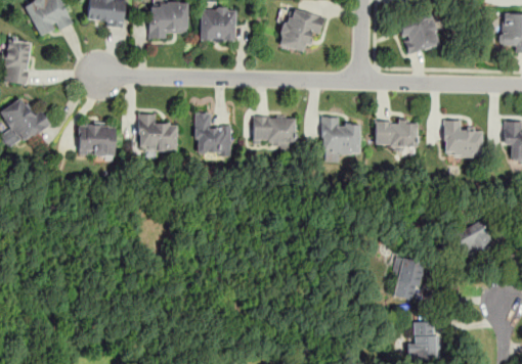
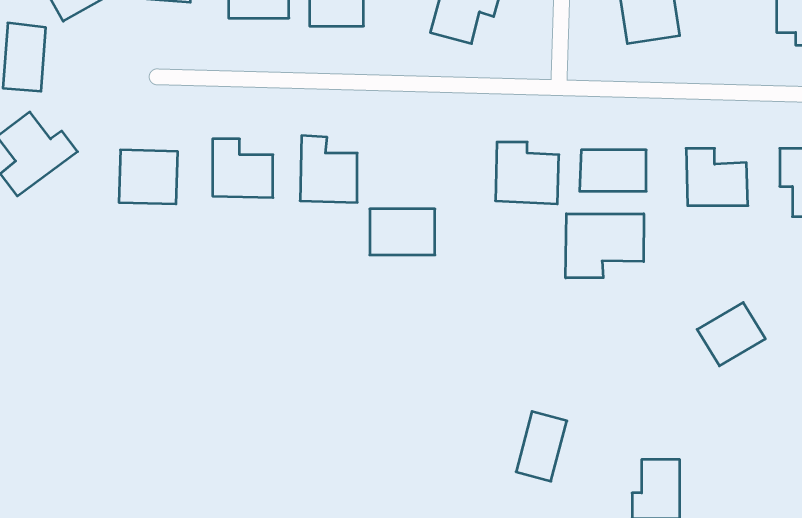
building: [254,116,296,145] -> [370,209,435,255]
building: none -> [566,214,644,278]
building: [393,256,426,301] -> [516,411,567,481]

